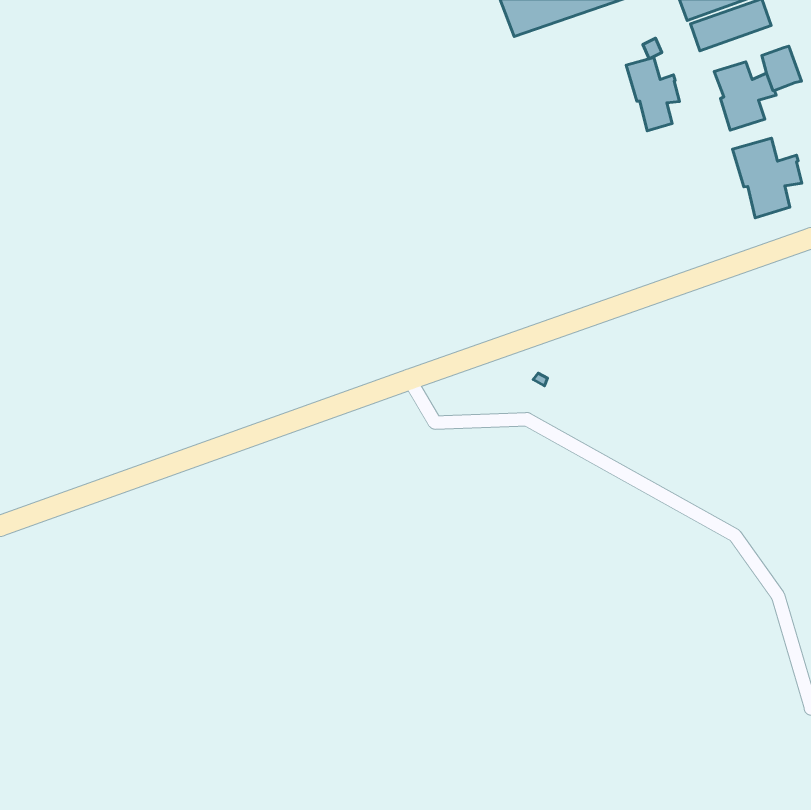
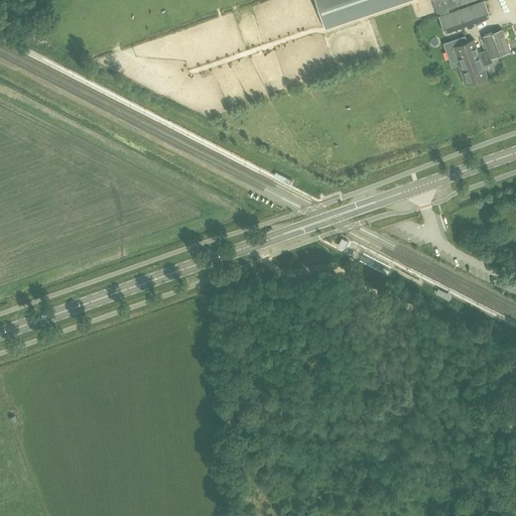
building: [626,57,679,131] -> none
building: [733,138,802,218] -> none

